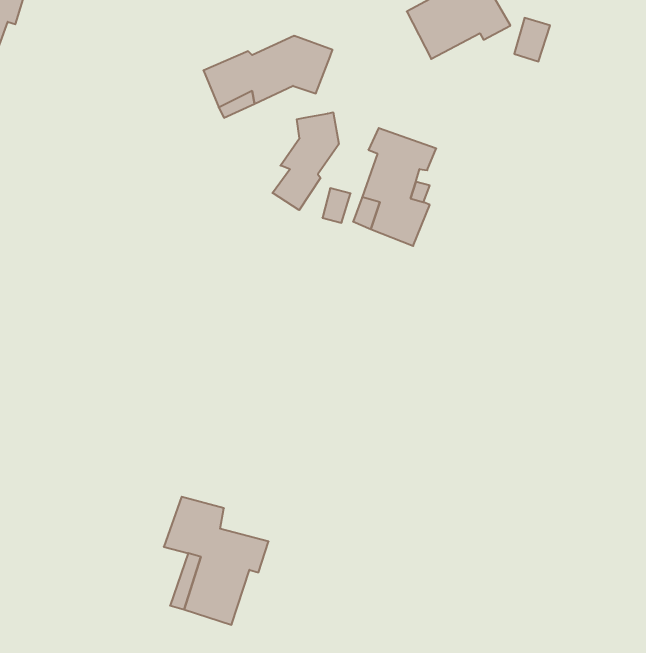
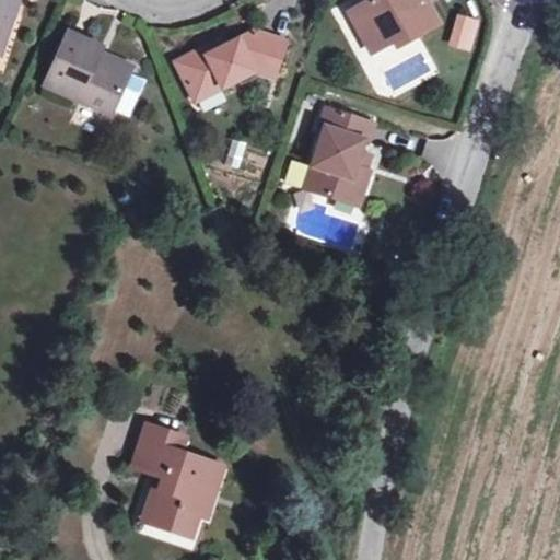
building: none -> [43,34,129,115]
building: [272,112,339,210] -> none

